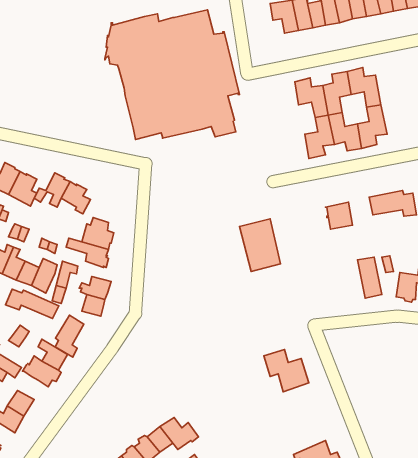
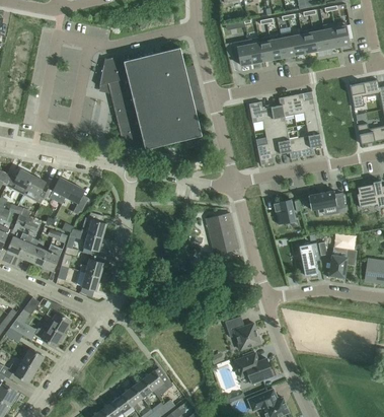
building: [6,289,59,319] -> none
building: [55,315,84,357] -> none
building: none -> [234,353,273,384]

